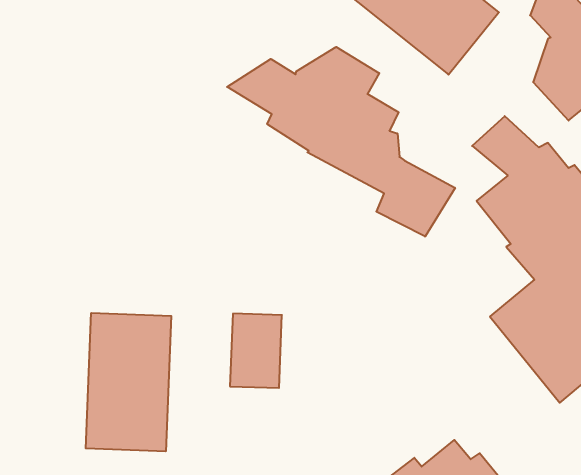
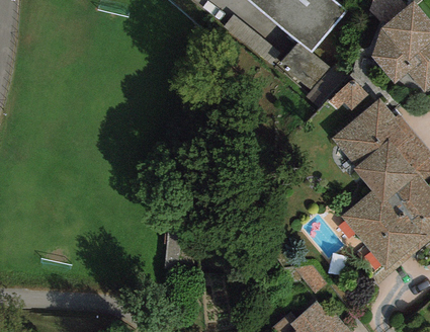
building: [227,47,455,237] -> none
building: [86,313,171,451] -> none

